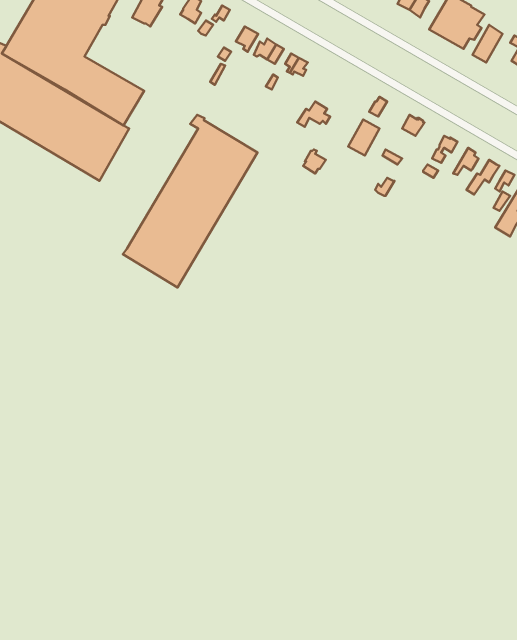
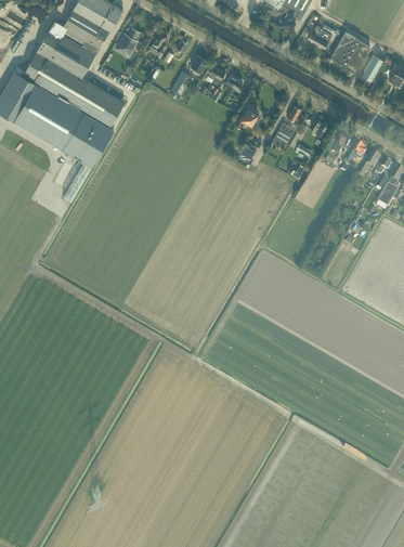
building: [123,115,258,288] -> none

